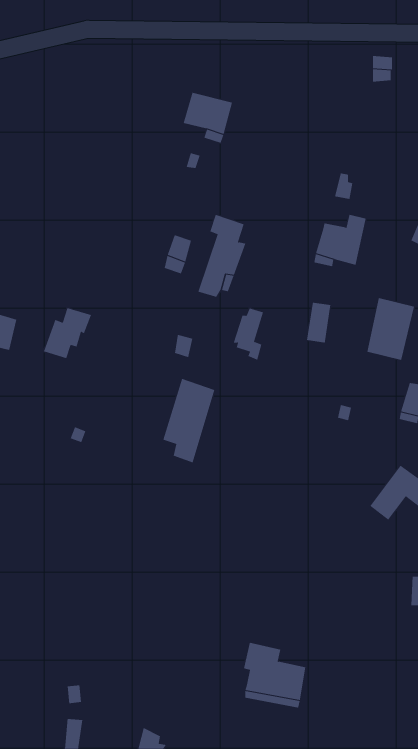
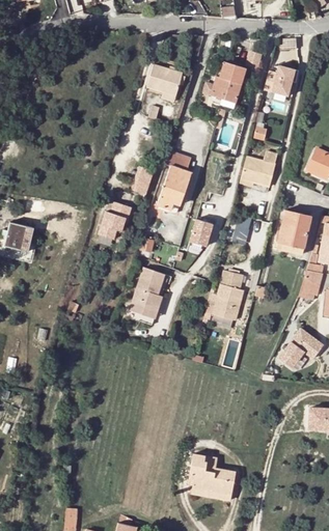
building: none -> [211,61,246,103]
building: none -> [272,62,298,94]
building: [43,307,92,359] -> [99,202,133,239]
building: none -> [209,272,243,319]

